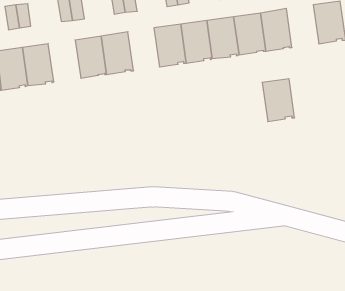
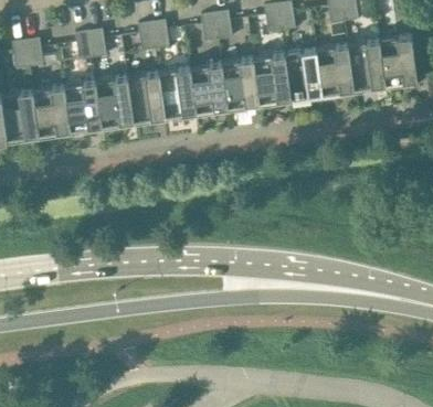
building: none -> [159,66,197,117]
building: none -> [64,81,103,130]
building: [262,79,295,122] -> [348,39,387,89]

